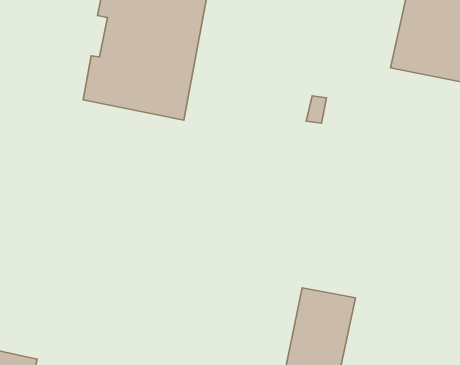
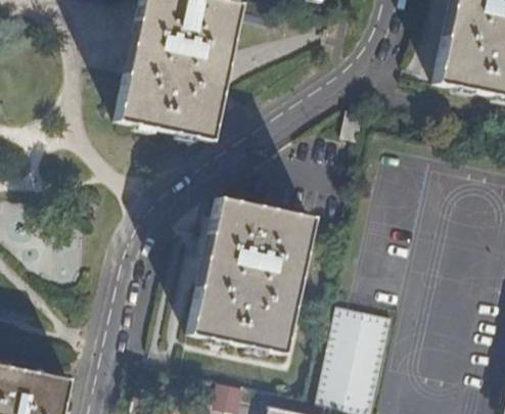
building: none -> [188,197,313,354]

